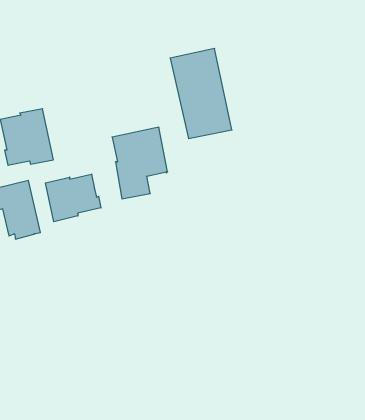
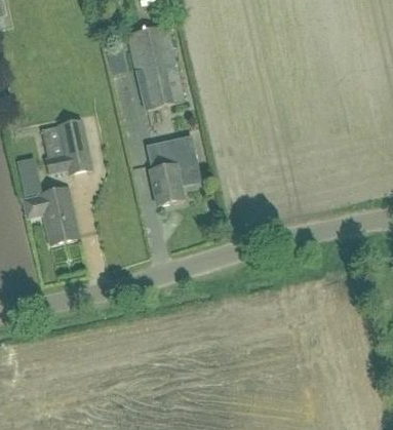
building: [170,48,232,139] -> [126,23,185,108]
building: [46,174,101,222] -> none

